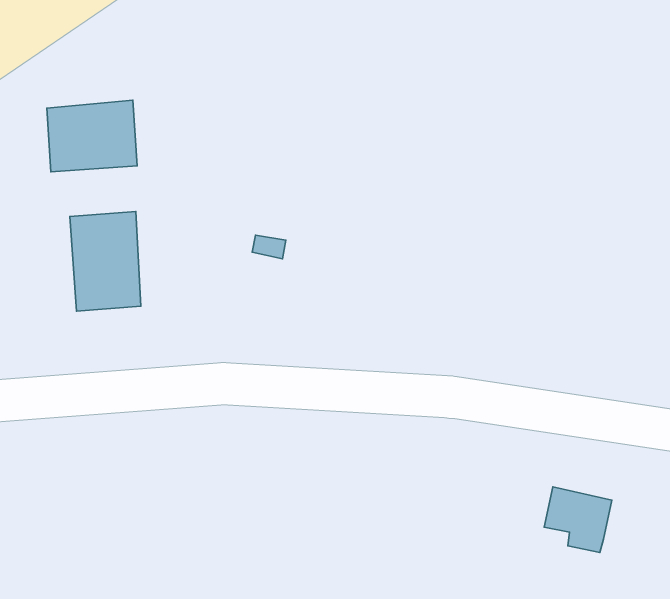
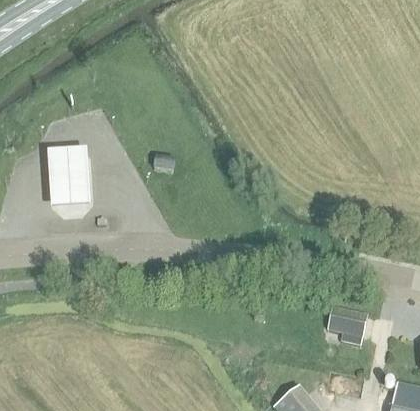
building: [47,100,137,172] -> none

